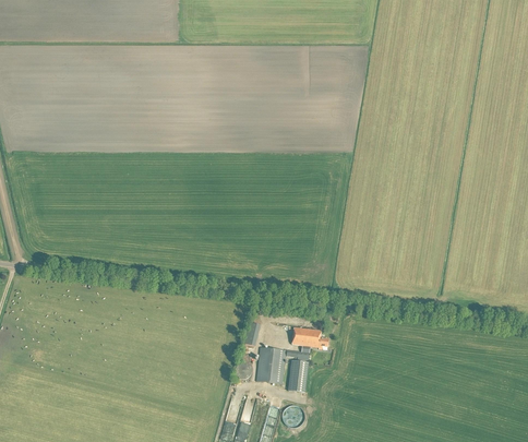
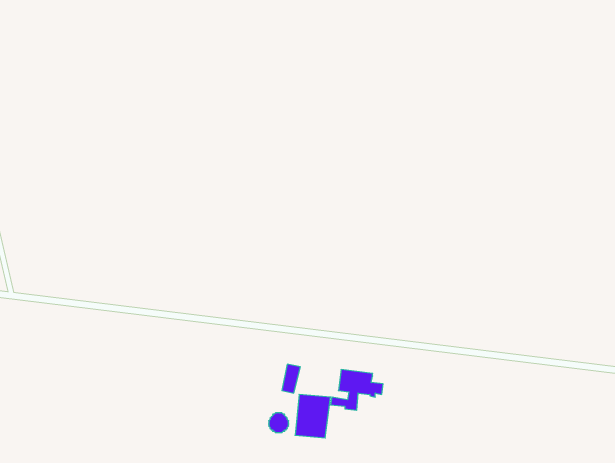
building: [287,360,307,392] -> none

